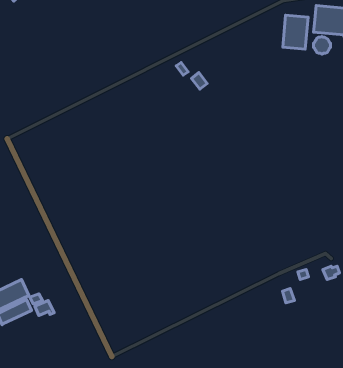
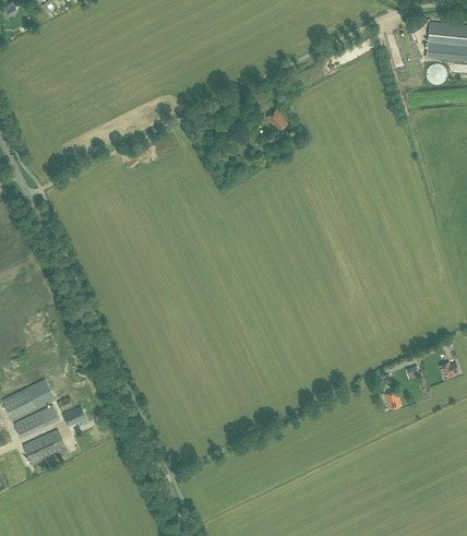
building: [283,15,308,49] -> none
building: none -> [23,429,70,465]

